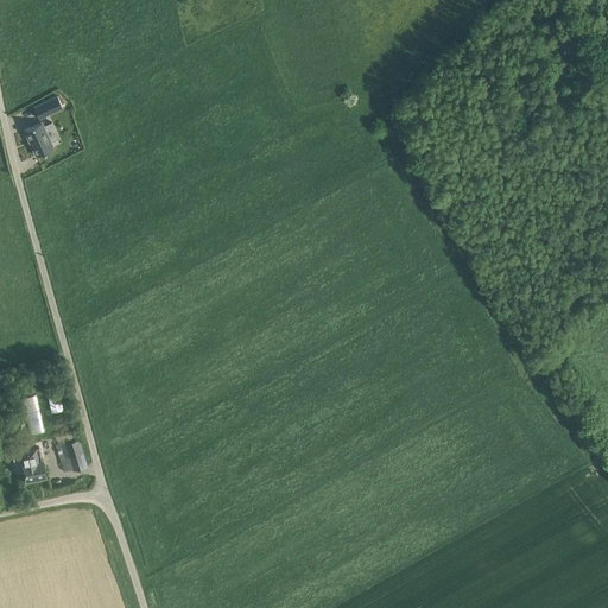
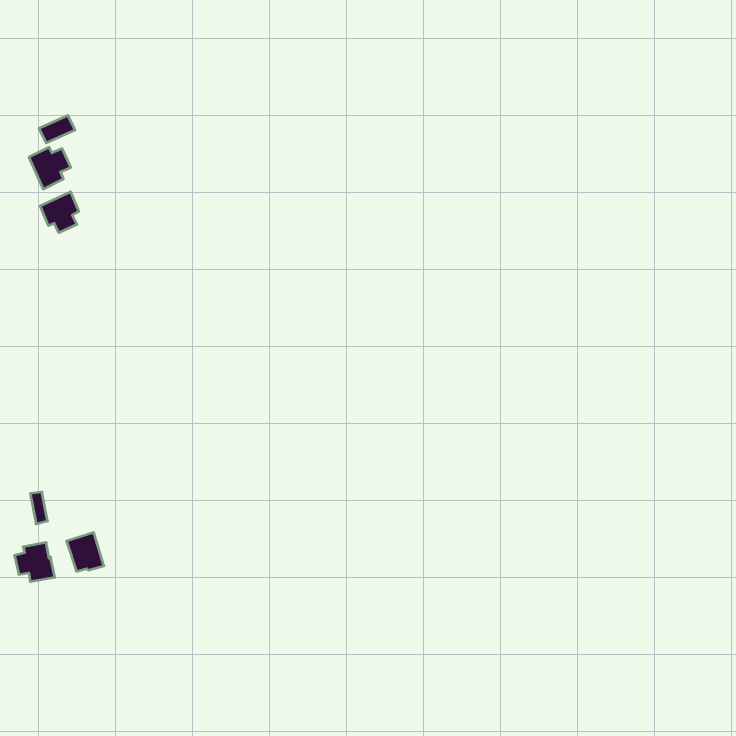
building: none -> [40,192,79,233]

